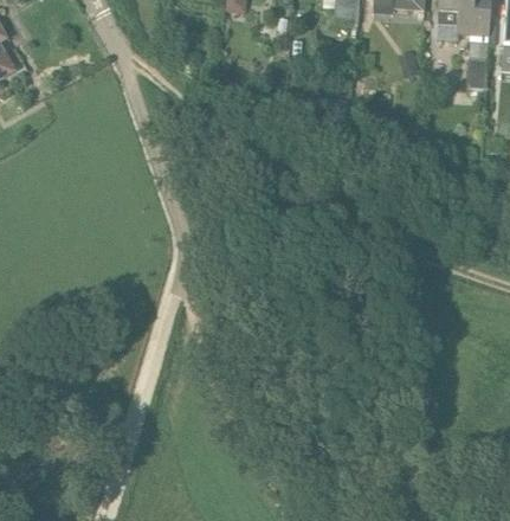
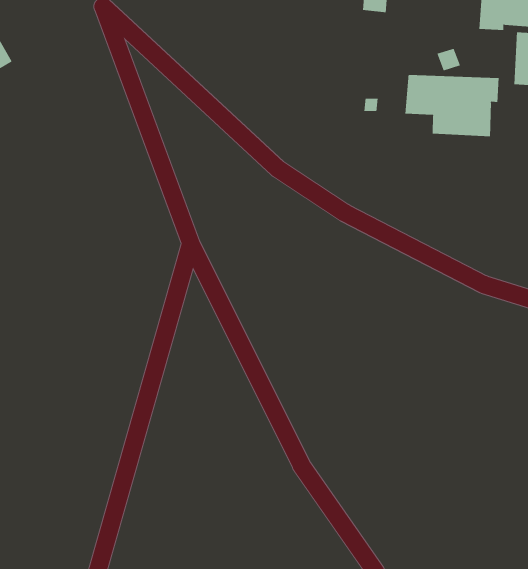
building: none -> [405,74,499,137]

